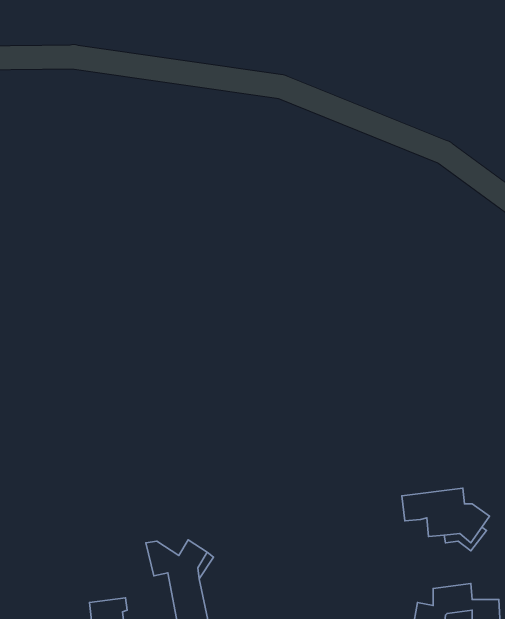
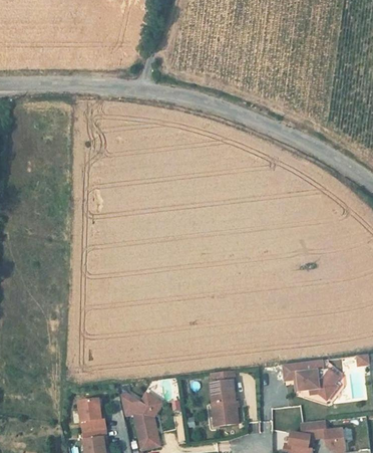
building: none -> [210,372,236,426]
building: none -> [78,401,104,430]

